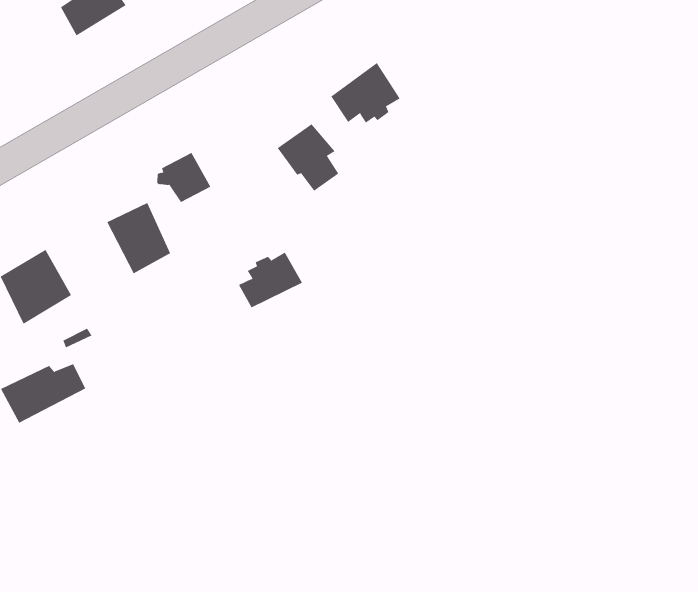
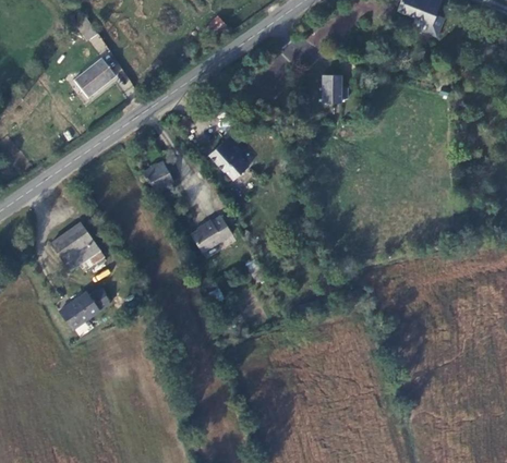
building: none -> [323,75,339,102]
building: [330,62,400,124] -> none
building: [107,202,171,274] -> none

